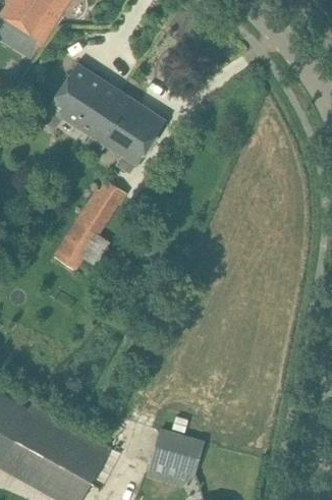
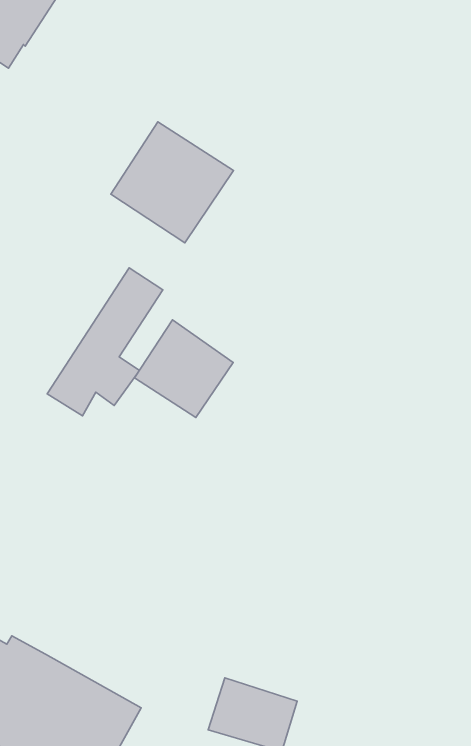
building: [48,64,120,136] -> none
building: none -> [135,320,233,418]

